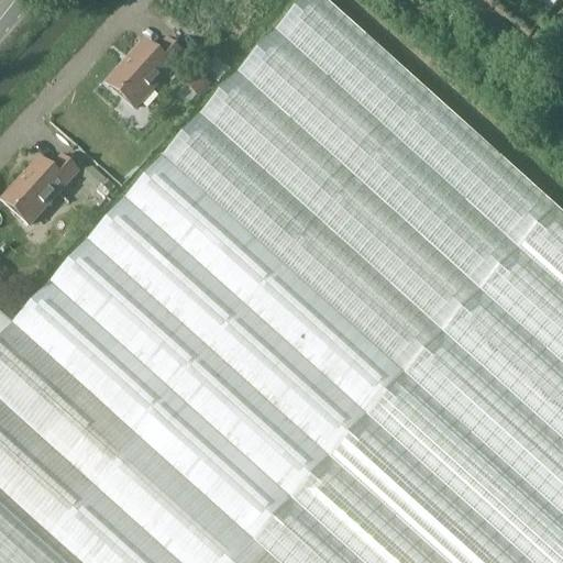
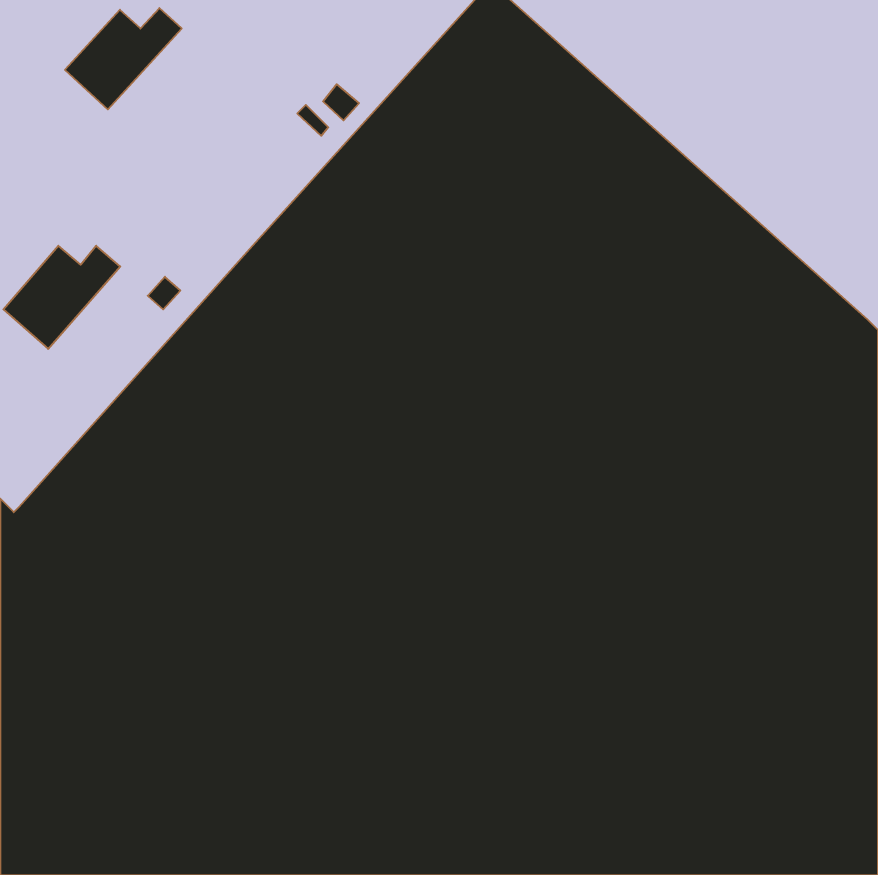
building: [109,41,184,106] -> [65,8,182,109]

